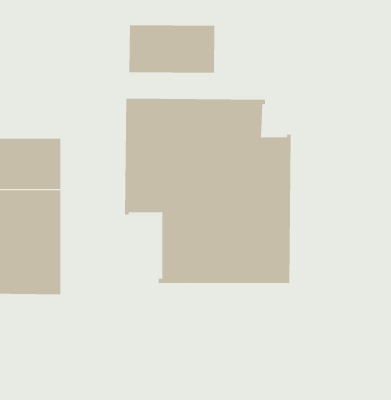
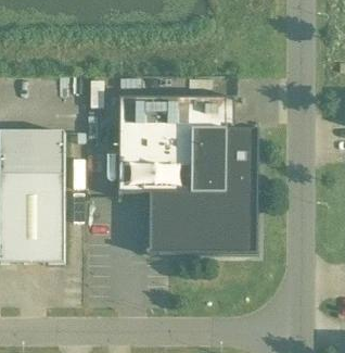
building: [129,24,215,74] -> none

